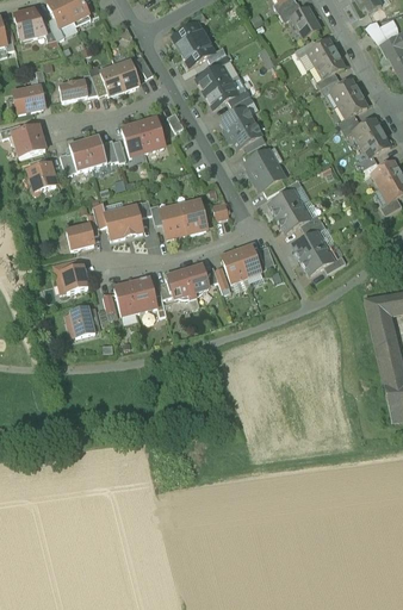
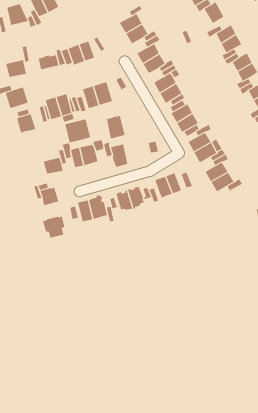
building: none -> [65,119,91,143]
building: [179,200,206,234] -> [106,115,126,139]

